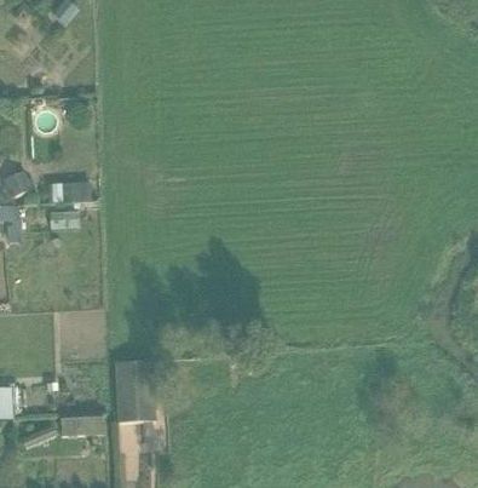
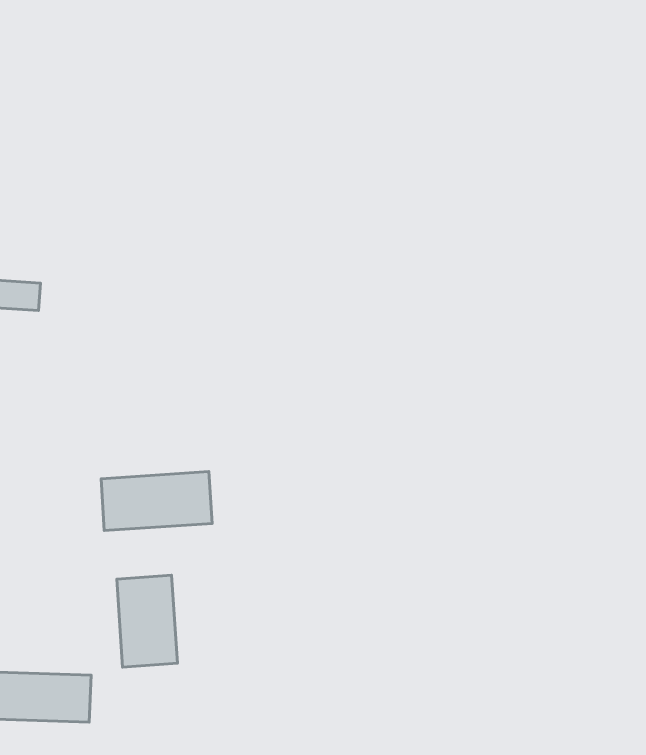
building: none -> [101,471,212,531]

